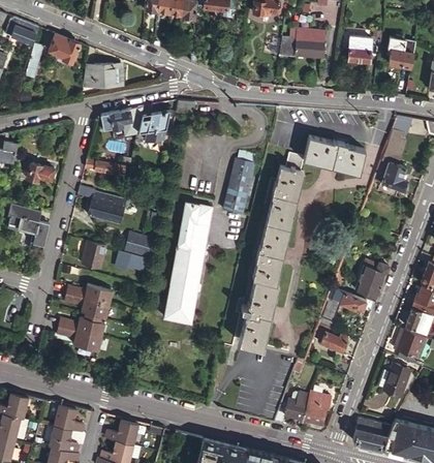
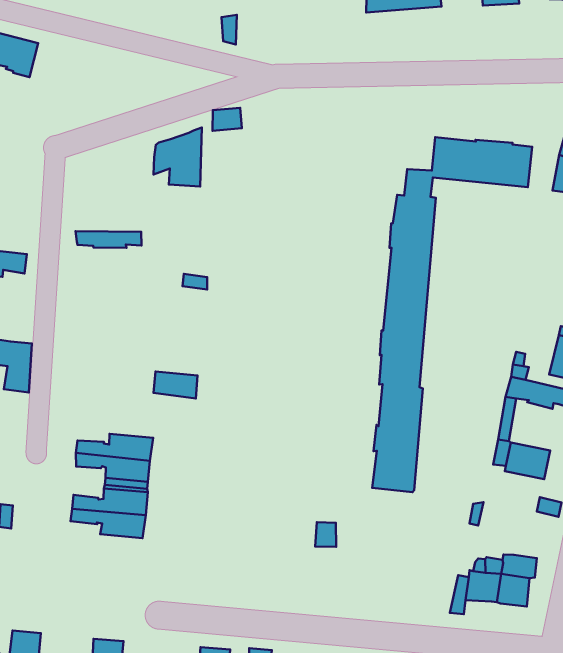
building: [83,66,114,87] -> none
building: [100,106,143,130] -> none
building: [221,160,254,215] -> none
building: [78,187,129,223] -> none
building: [163,203,211,323] -> none
building: [124,233,152,256] -> none
building: [82,242,104,268] -> none

